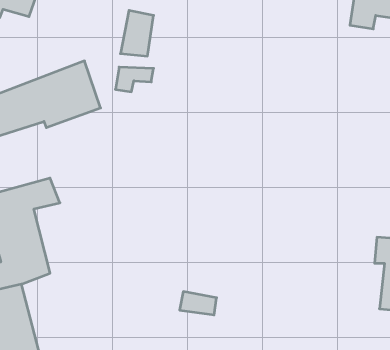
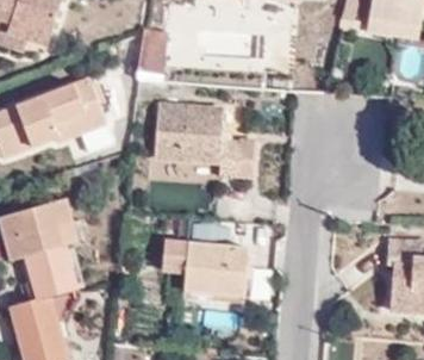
building: none -> [158,107,250,181]
building: none -> [183,242,248,300]

